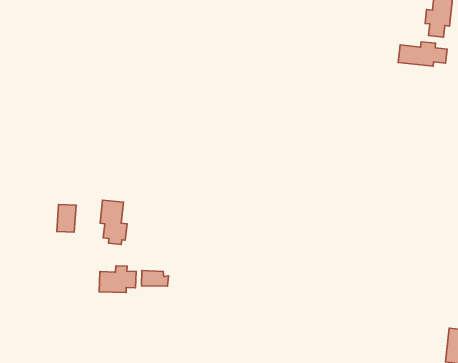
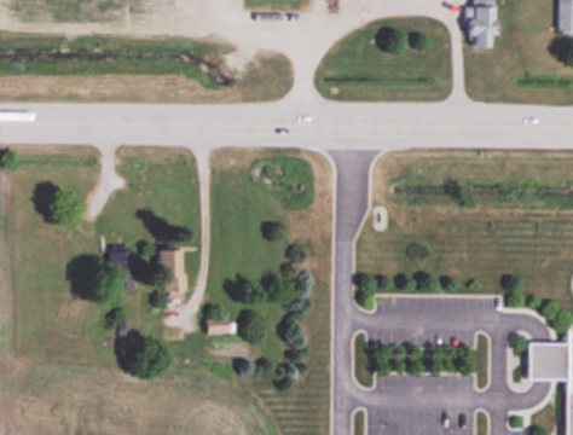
building: [398,42,447,66] -> none
building: [99,266,136,293] -> none

